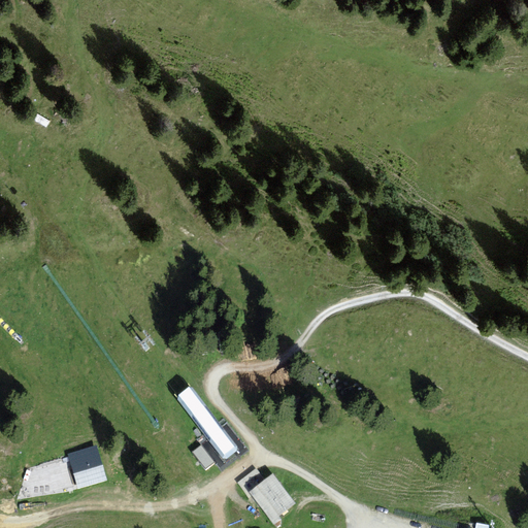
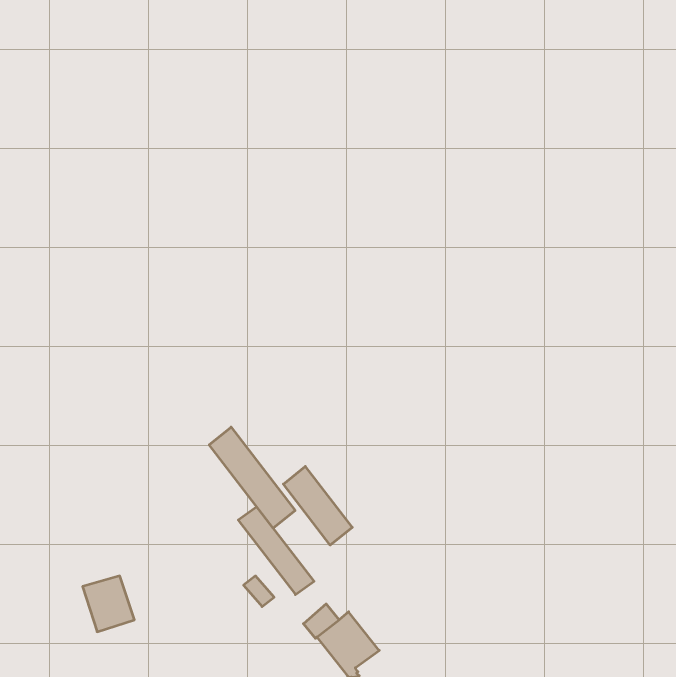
building: none -> [209,427,295,528]
building: none -> [283,466,352,545]

